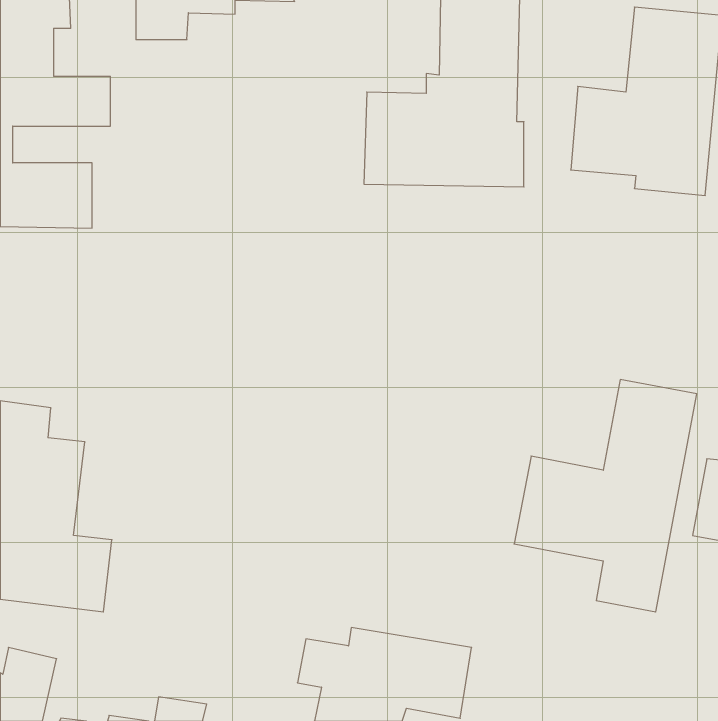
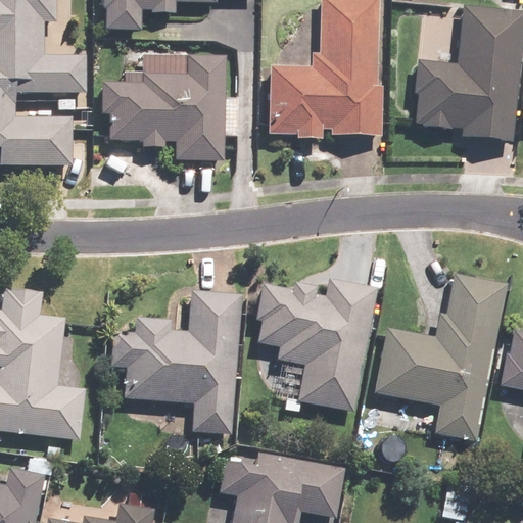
building: none -> [102,54,226,159]
building: none -> [256,278,376,411]
building: none -> [109,290,242,434]

